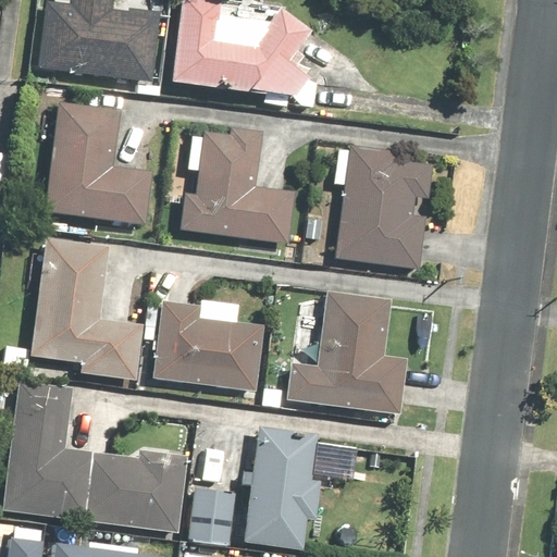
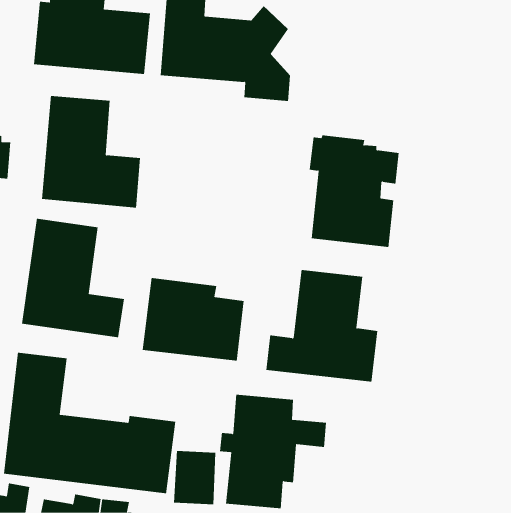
building: [175,128,296,244] -> none

